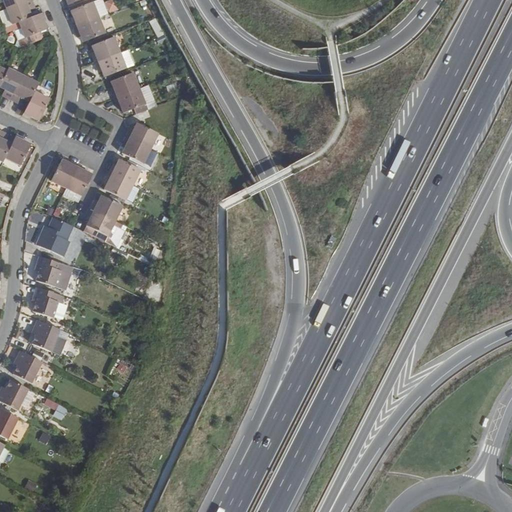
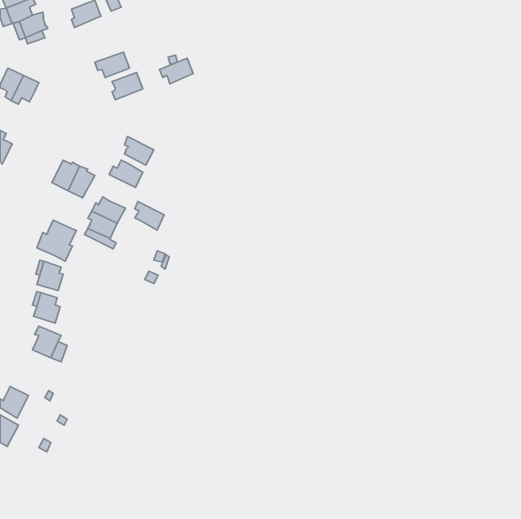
building: [73,16,105,41] -> none
building: [91,36,121,61] -> none
building: [113,87,146,112] -> [160,58,193,84]
building: [24,90,50,119] -> none
building: [125,121,158,147] -> none
building: [4,134,30,164] -> none
building: [104,171,133,199] -> [135,202,164,230]
building: [13,350,42,382] -> none

